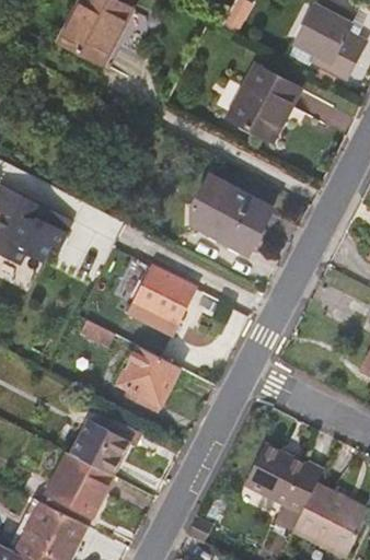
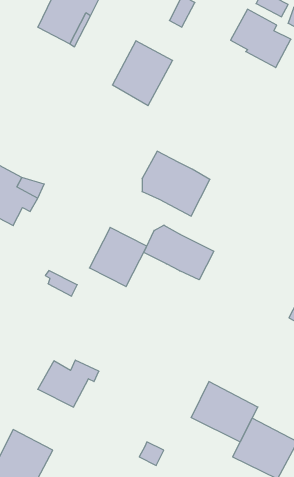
building: [229,66,299,141] -> [112,41,173,106]
building: none -> [144,225,214,280]
building: [115,343,180,411] -> none
building: [44,452,109,515] -> none

